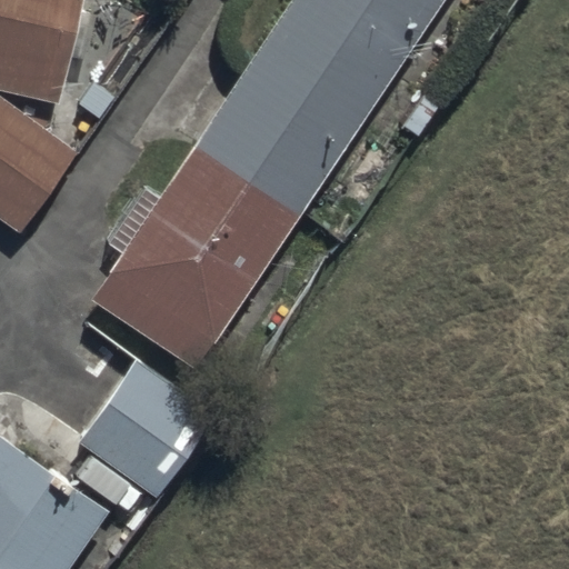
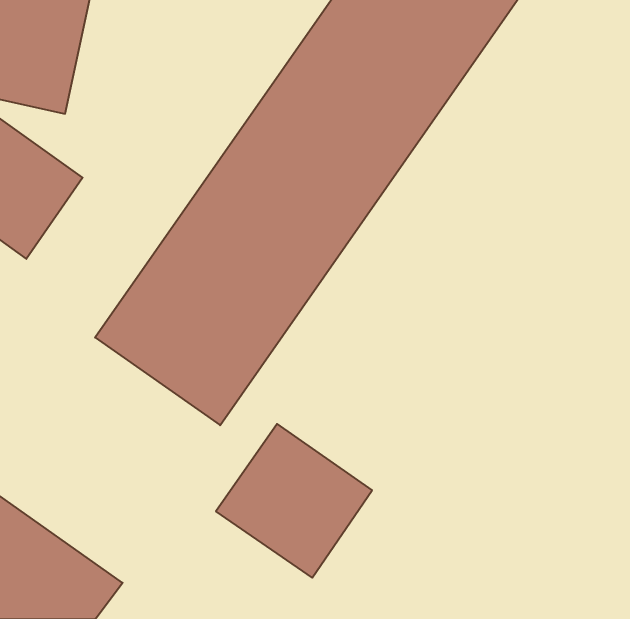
building: [66,359,204,496] -> [216,424,372,578]

